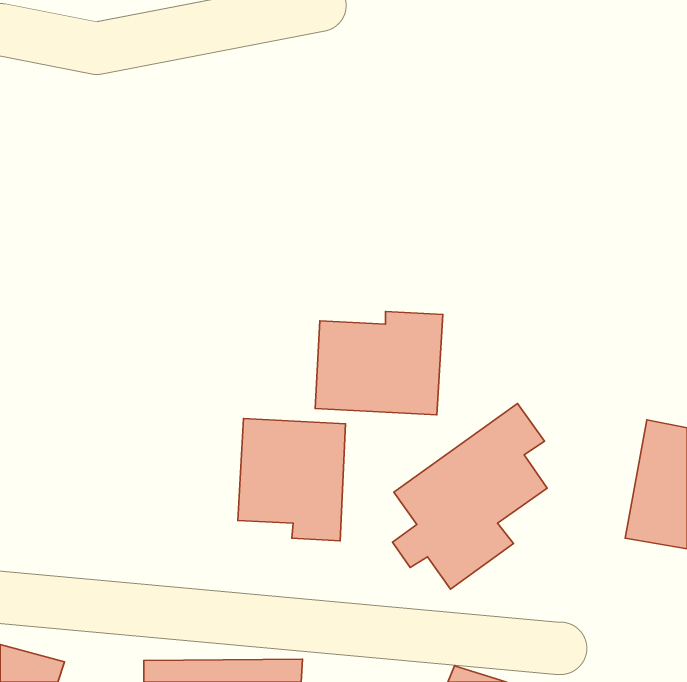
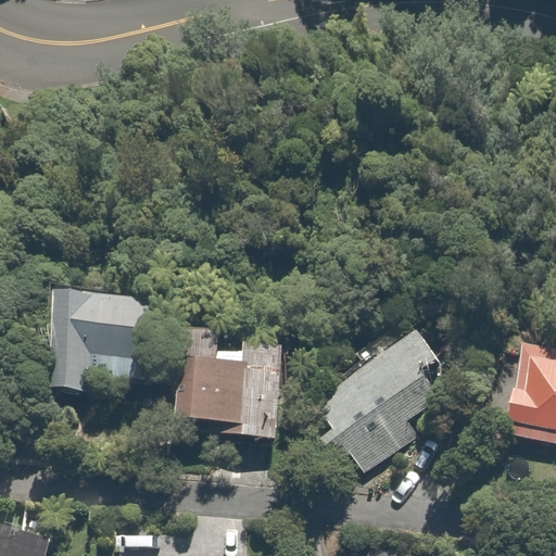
building: [315,312,443,415] -> none
building: none -> [45,290,161,393]

